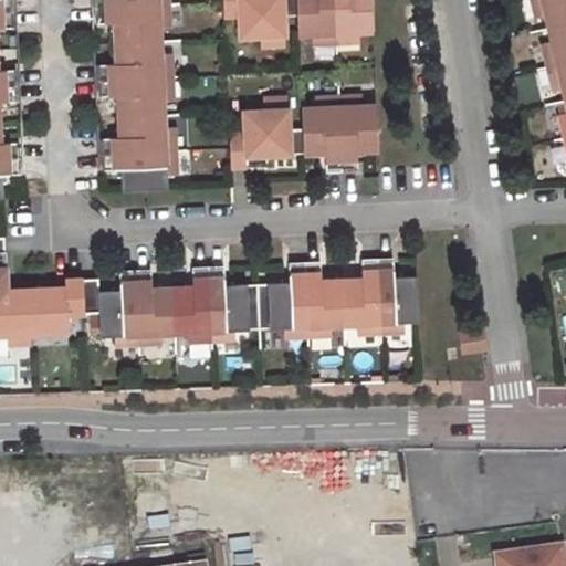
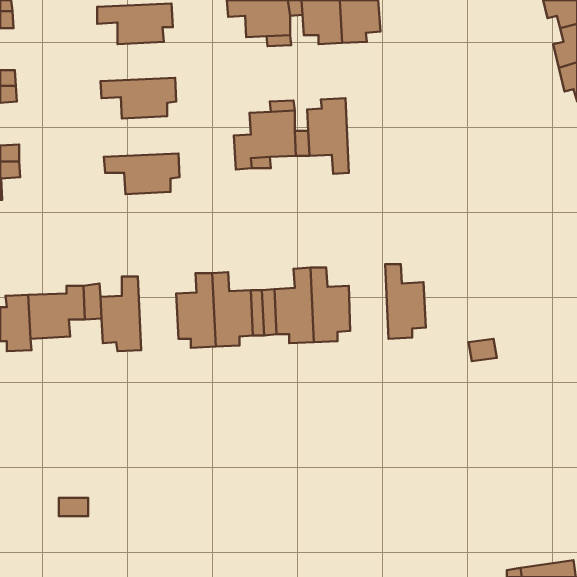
building: [97,41,171,80] -> none
building: [338,95,378,169] -> none
building: [101,114,175,154] -> none
building: [342,259,380,333] -> none
building: [135,270,175,343] -> none

